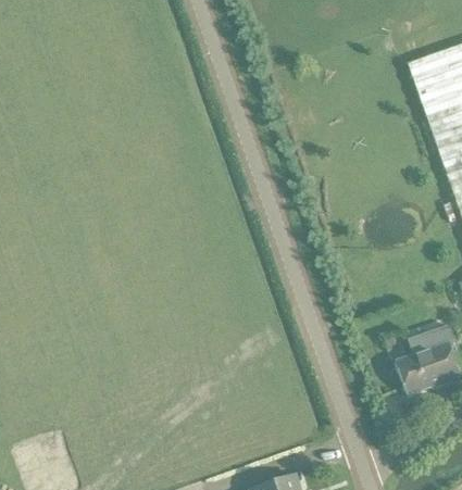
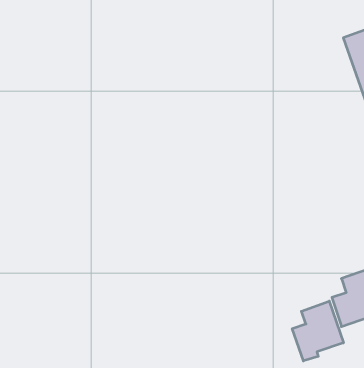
building: none -> [292,301,343,361]

